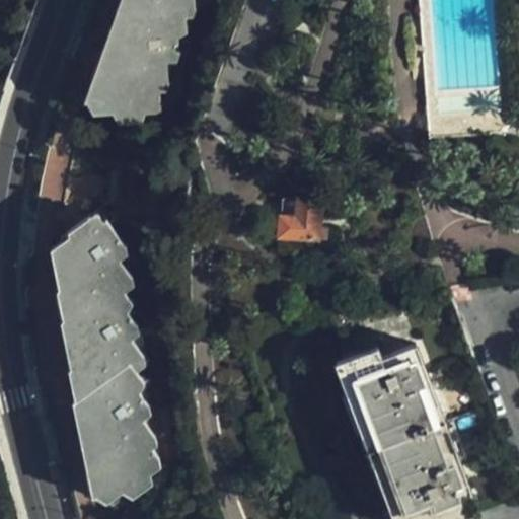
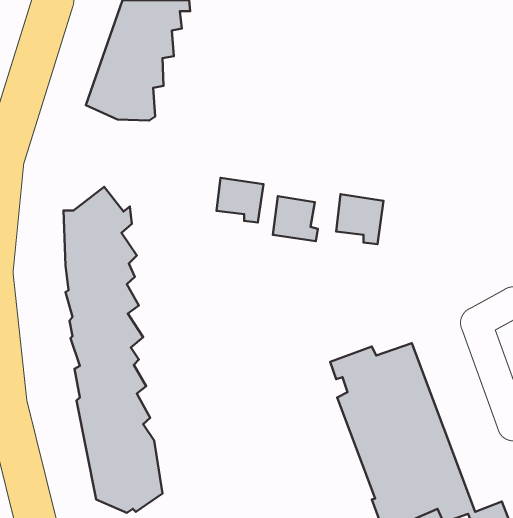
building: none -> [217,178,263,223]
building: none -> [336,194,384,244]

